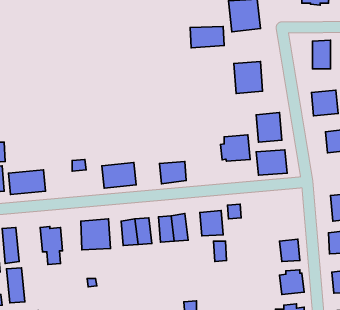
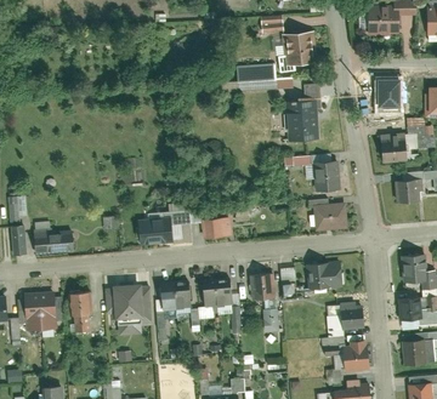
building: [220,135,250,161] -> none
building: none -> [307,263,346,293]
building: [7,268,25,303] -> [40,291,61,331]

